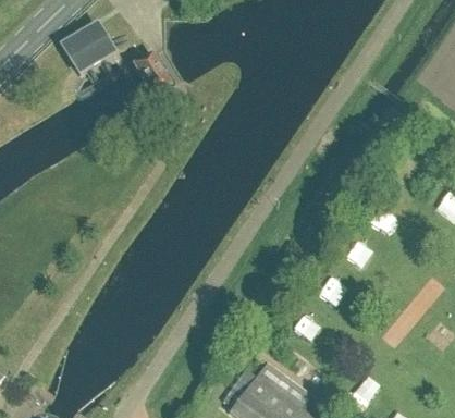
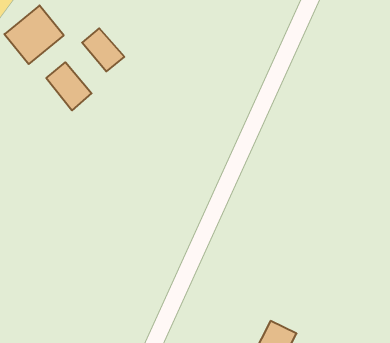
building: none -> [46,62,92,110]

